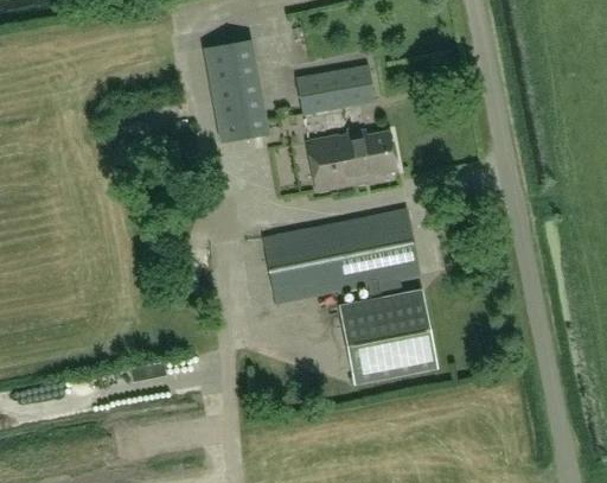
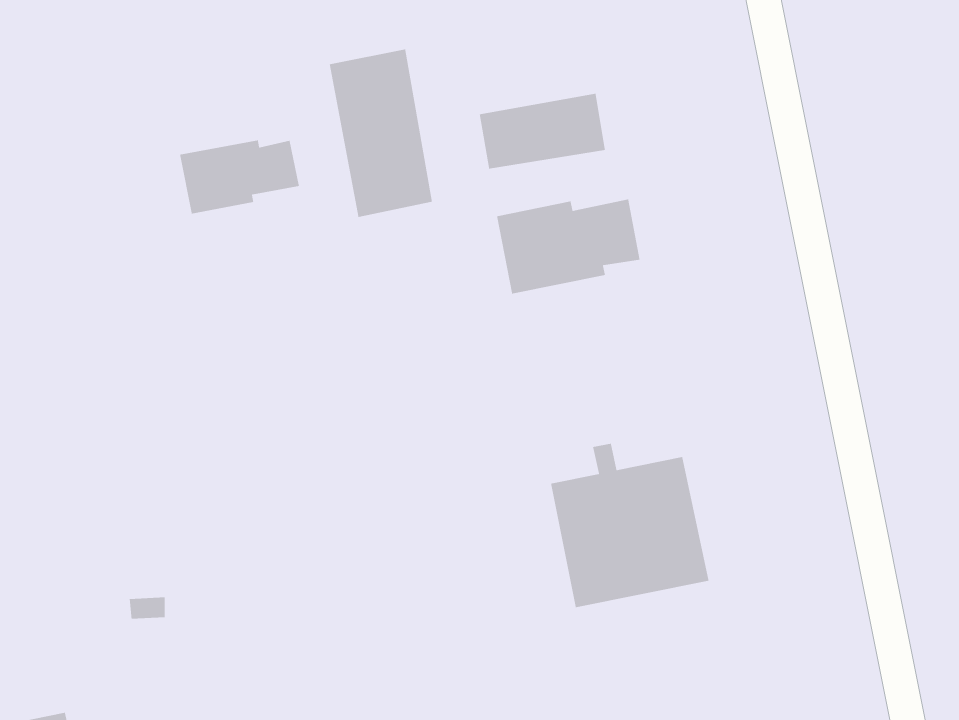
building: none -> [179,139,300,214]
building: [263,210,418,301] -> none

